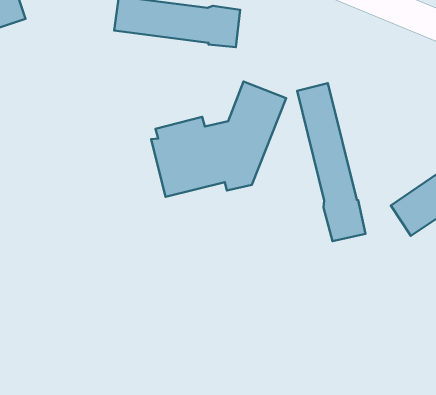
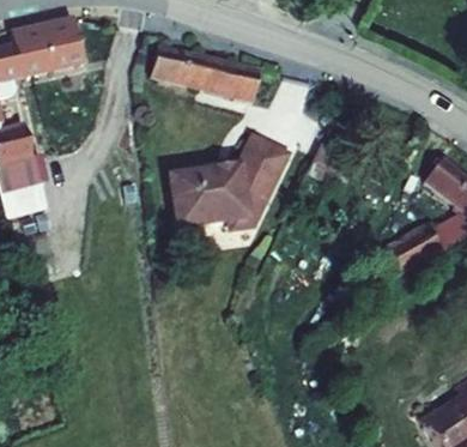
building: [297,83,366,241] -> none

